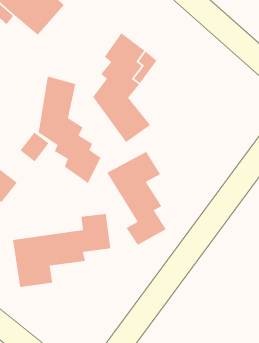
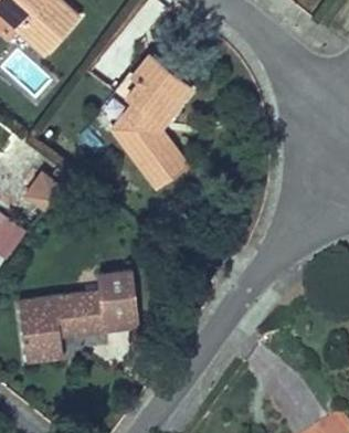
building: [38,76,102,184] -> none
building: [106,151,167,246] -> none

